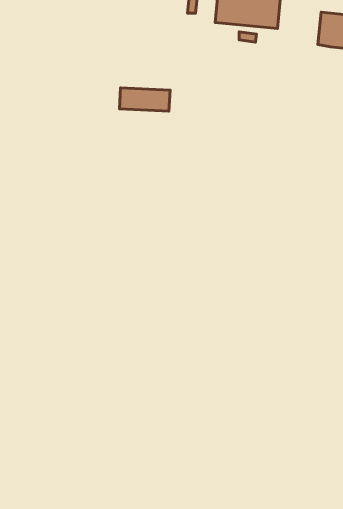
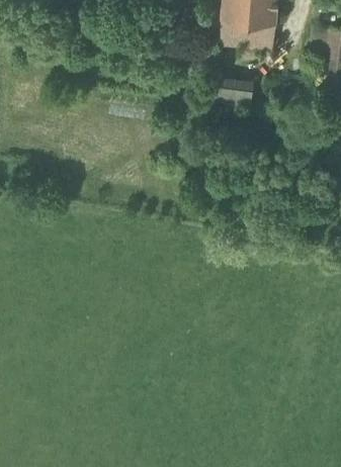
building: [119,88,170,111] -> [208,79,253,99]

